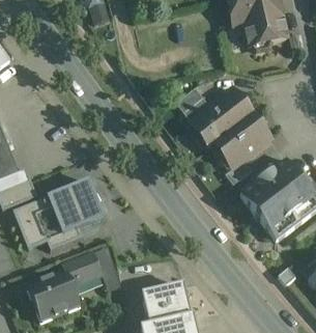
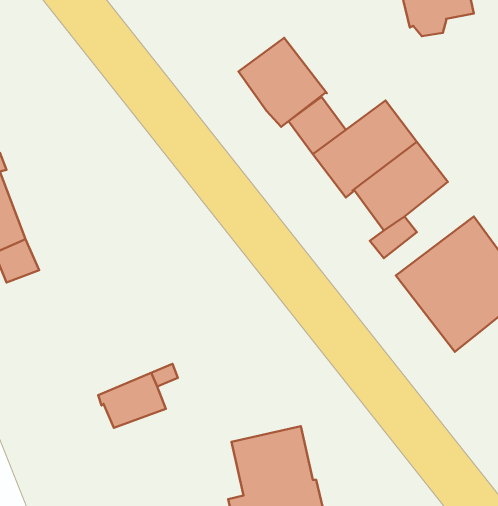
building: none -> [239,38,327,127]
building: [12,178,105,249] -> none
building: [27,270,80,321] -> none

